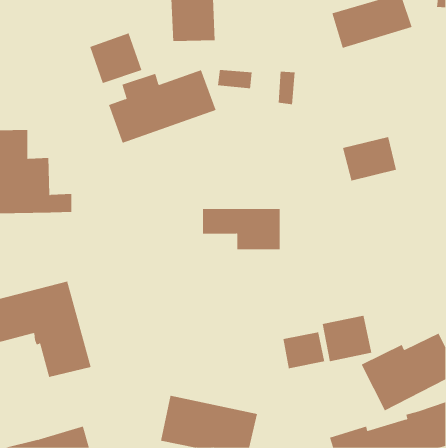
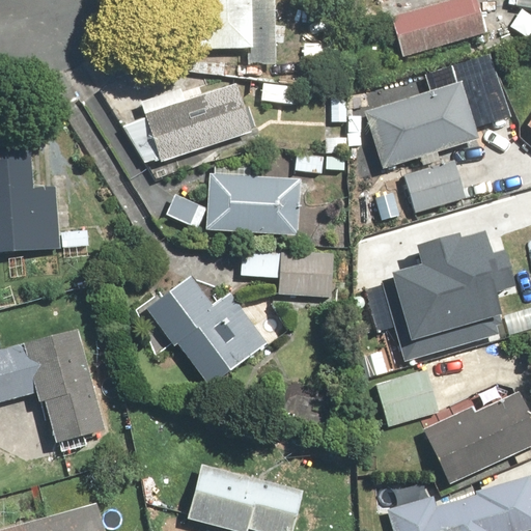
building: [89,32,142,84] -> none
building: none -> [364,80,490,170]
building: none -> [166,174,300,237]
building: none -> [372,224,509,363]
building: none -> [147,276,271,388]
building: [283,331,325,369] -> none

